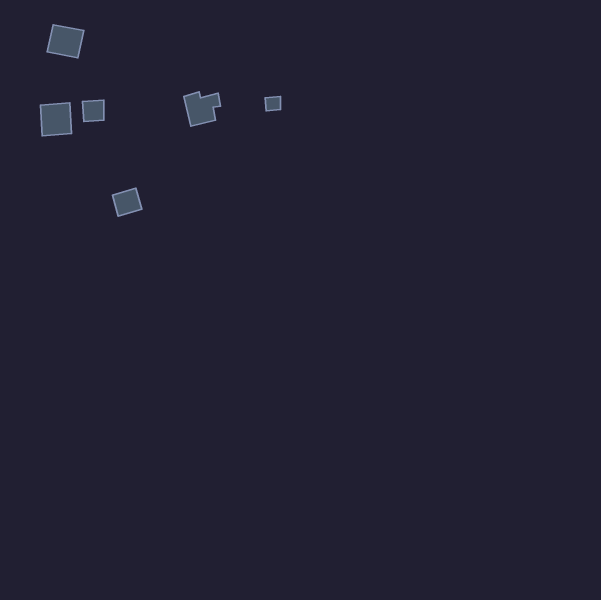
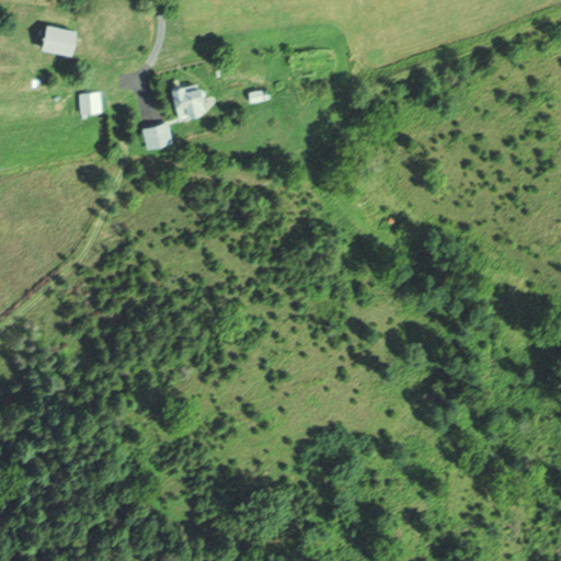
building: [41,103,72,136] -> none
building: [112,188,142,216] -> [142,124,170,150]

